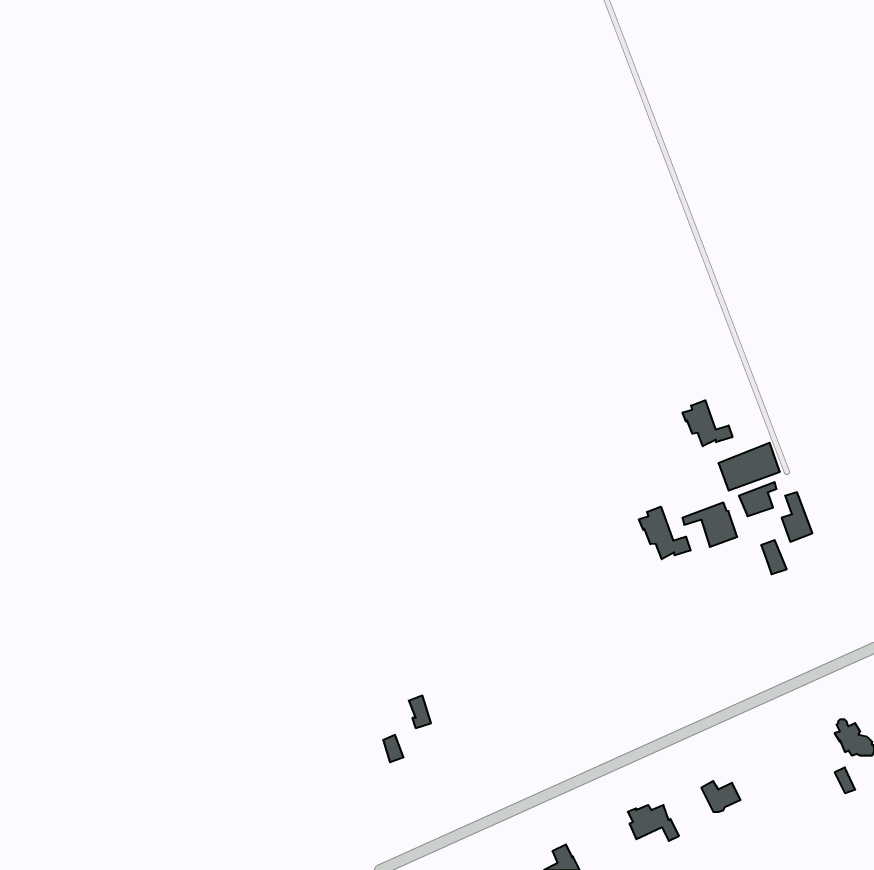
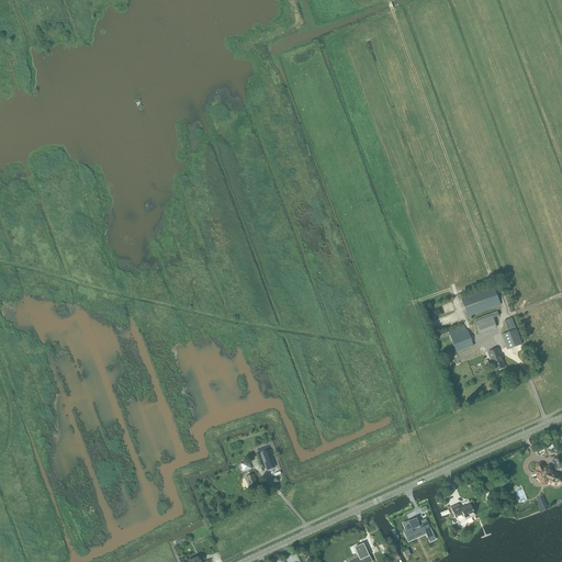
building: [683,400,732,446] -> none
building: [639,507,691,559] -> none

